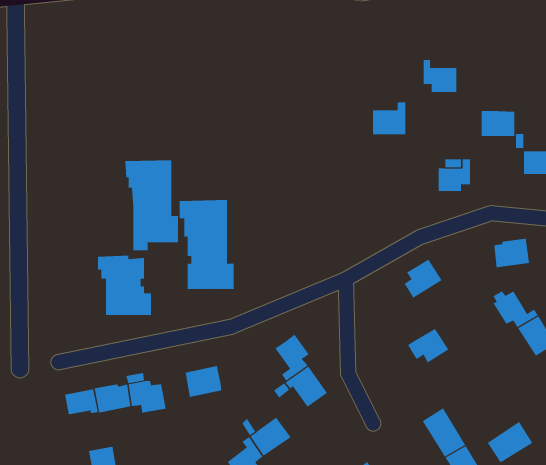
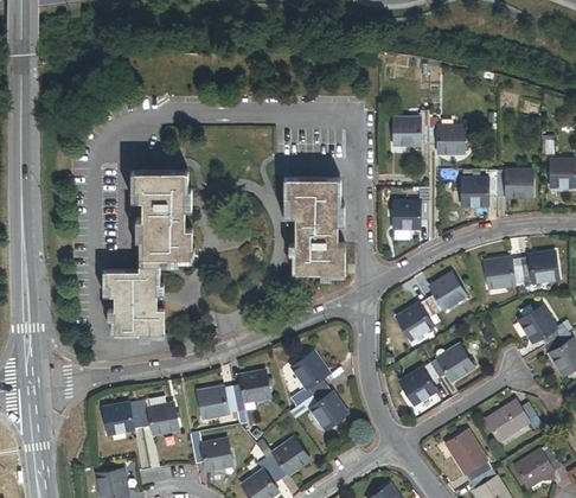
building: [423,59,457,92] -> [429,119,465,153]
building: [481,110,515,137] -> [497,170,532,197]
building: none -> [393,203,429,229]
building: [179,200,235,289] -> [287,178,345,272]
building: none -> [486,258,524,289]
building: none -> [397,300,436,340]
building: none -> [401,364,440,406]
building: none -> [232,371,270,423]
building: none -> [484,400,542,441]
building: [65,389,98,415] -> none
building: none -> [191,433,231,471]

